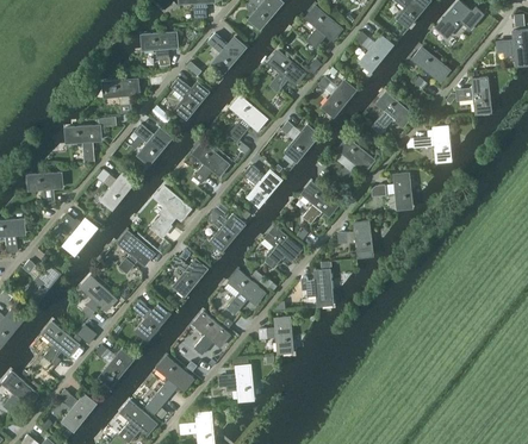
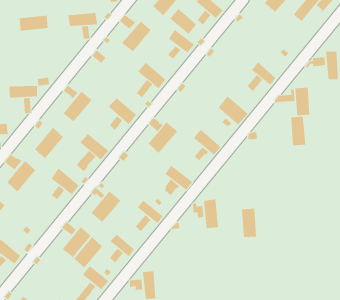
building: none -> [169,8,197,35]
building: [355,32,395,74] -> none
building: [409,45,446,81] -> none
building: [319,79,358,119] -> none
building: [99,82,137,102] -> [19,15,49,31]
building: [173,83,211,125] -> none
building: [282,123,321,164] -> none
building: [392,175,412,213] -> [290,116,306,146]
building: [206,214,244,256] -> none
building: [352,224,372,262] -> [241,208,257,238]
building: [77,273,118,311] -> none
building: [271,319,292,357] -> none
building: [95,349,133,390] -> [73,236,103,268]

